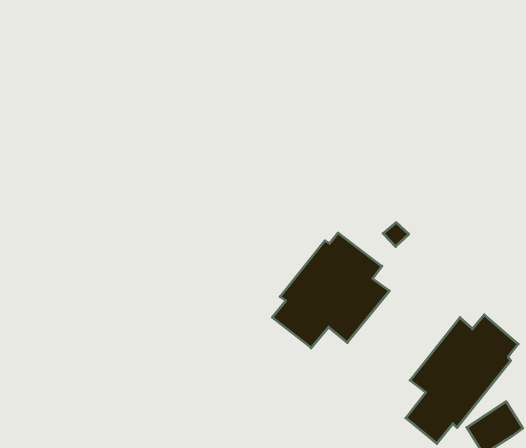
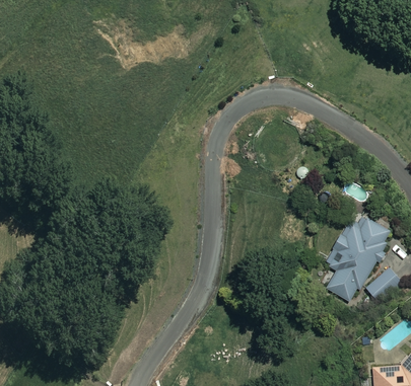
building: [272,233,389,348] -> none

